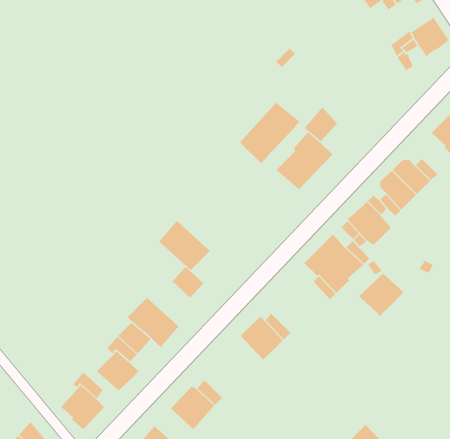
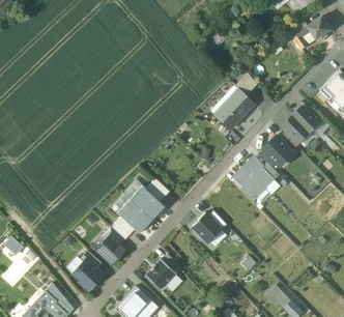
building: [239,102,301,164] -> none
building: [158,220,211,271] -> [131,185,166,220]
building: [358,273,404,317] -> none

